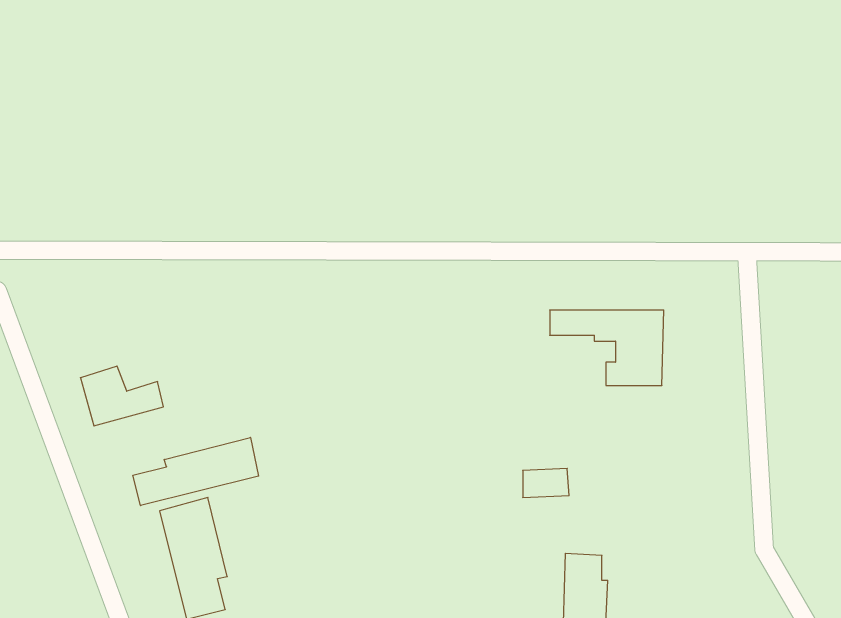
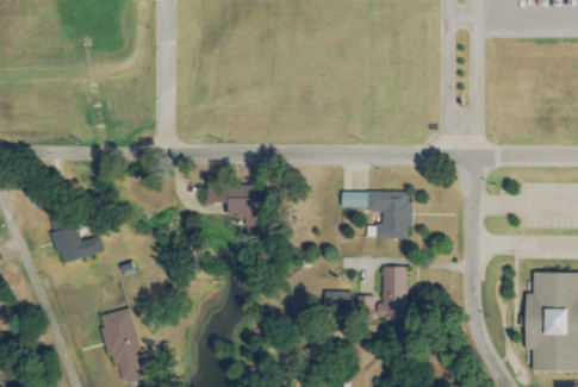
building: none -> [206,183,261,226]
building: none -> [358,266,409,317]
building: [133,437,259,506] -> none

